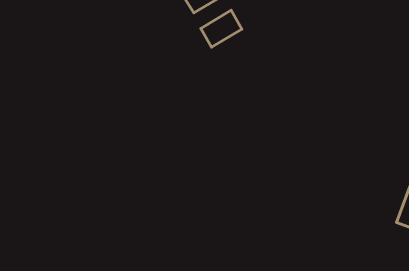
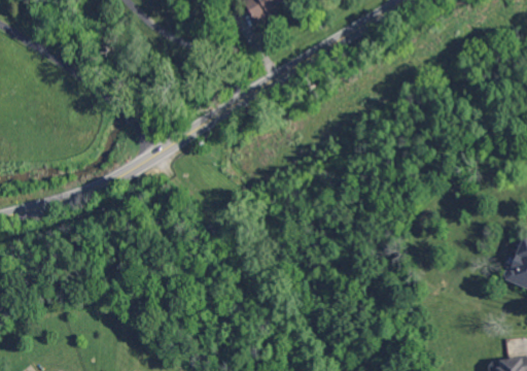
building: [201,10,242,47] -> none

